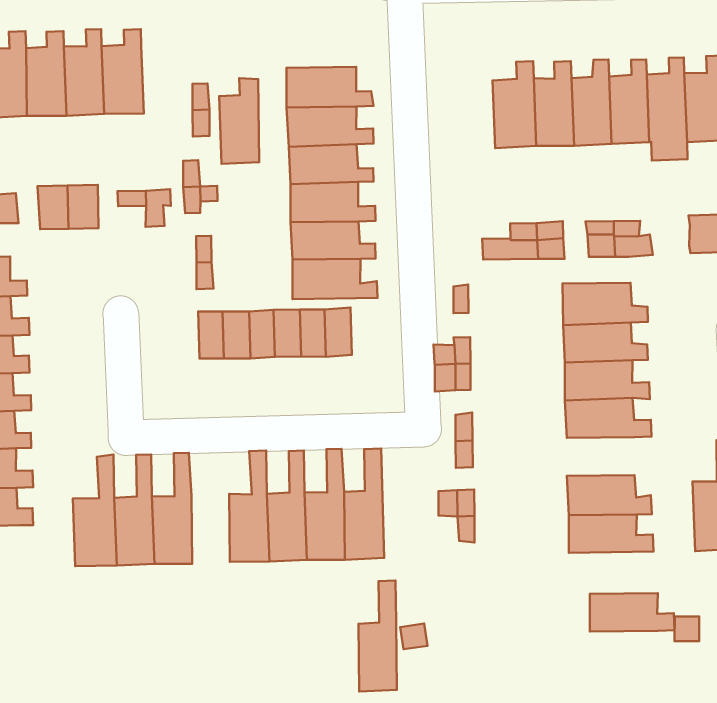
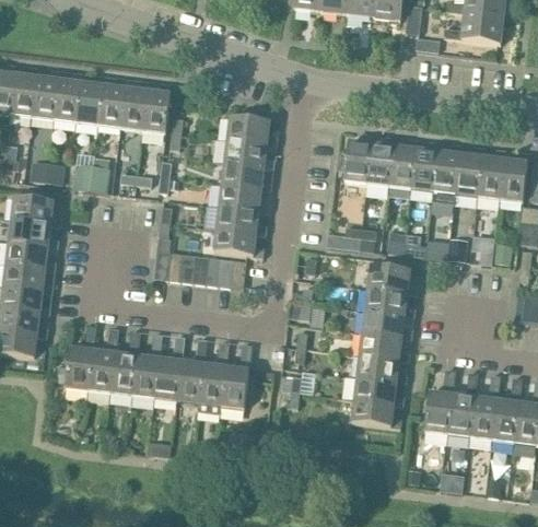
building: [219,78,259,164] -> [142,83,171,133]
building: [359,580,397,692] -> [131,333,162,398]
building: [590,593,675,632] -> [355,355,406,384]

